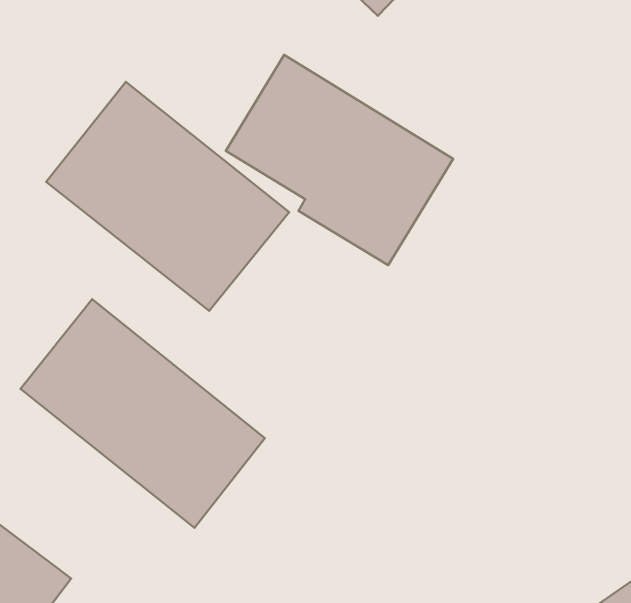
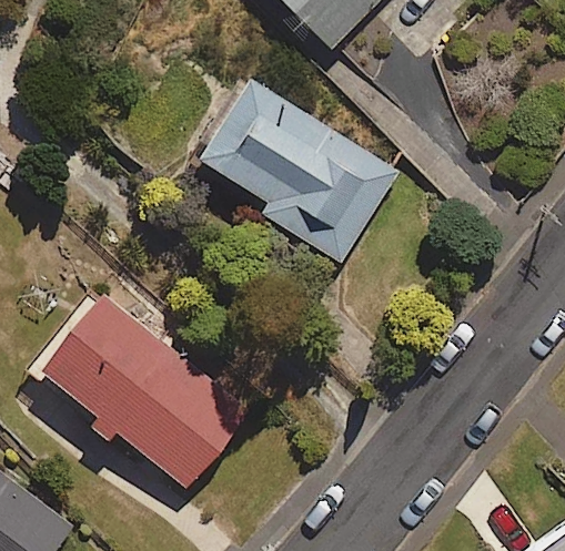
building: [46,82,289,311] -> none

